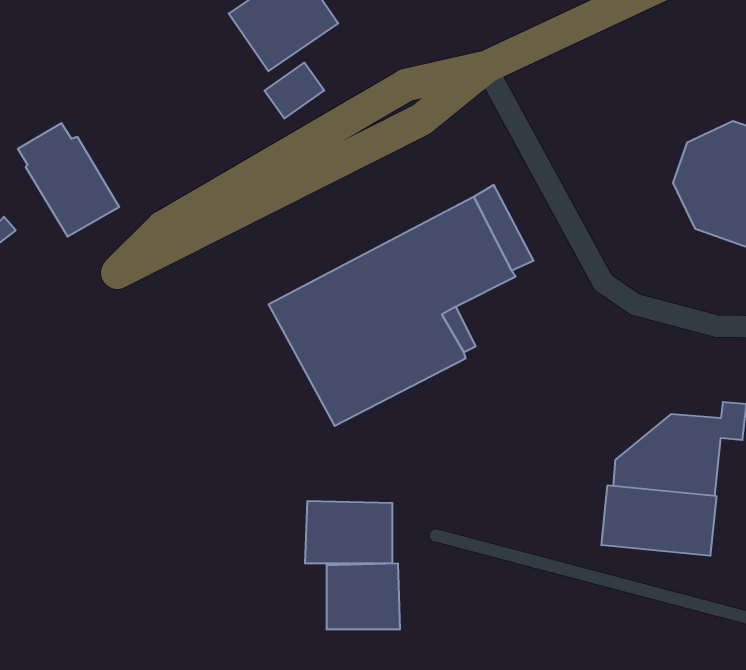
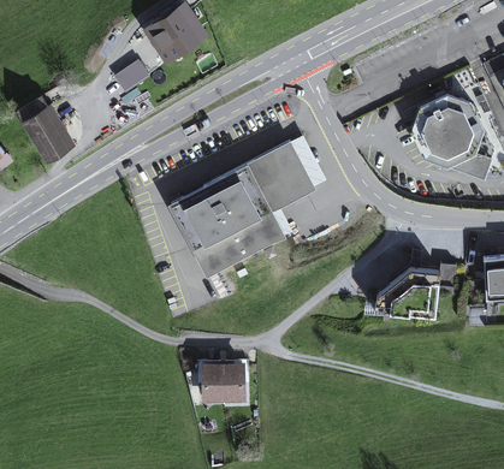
building: [264,63,324,118] -> [113,58,149,91]
building: [601,485,716,556] -> none
building: [305,501,392,564] -> none

